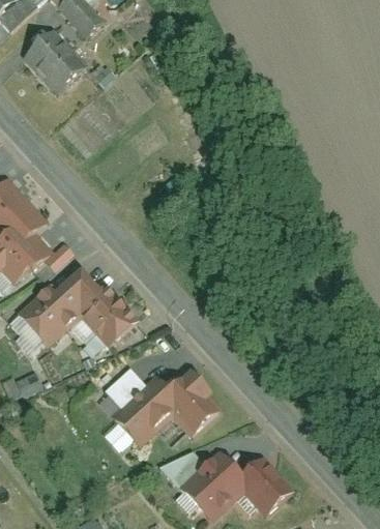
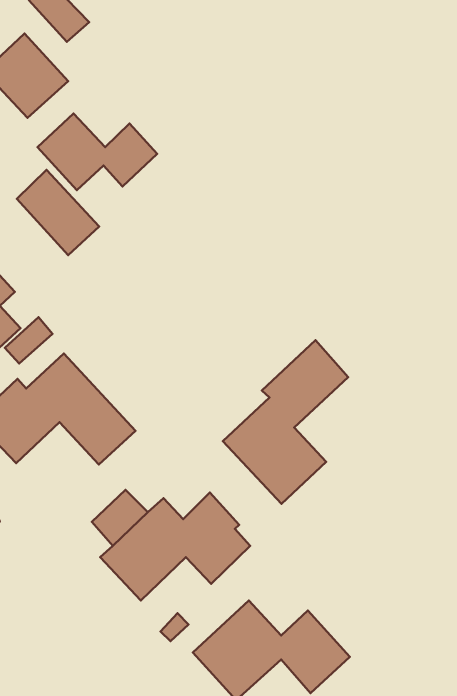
building: none -> [37,113,157,190]
building: none -> [17,170,99,255]
building: none -> [223,340,348,504]

